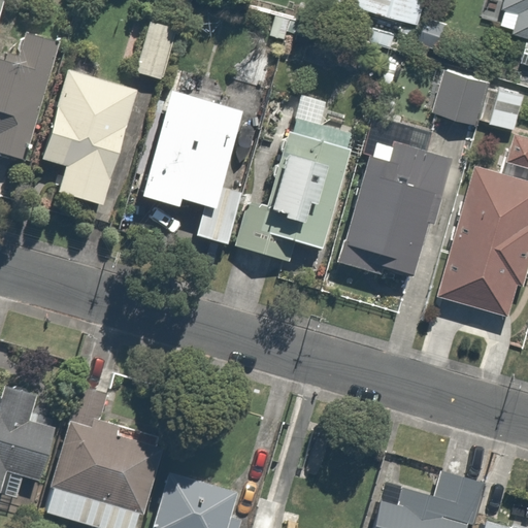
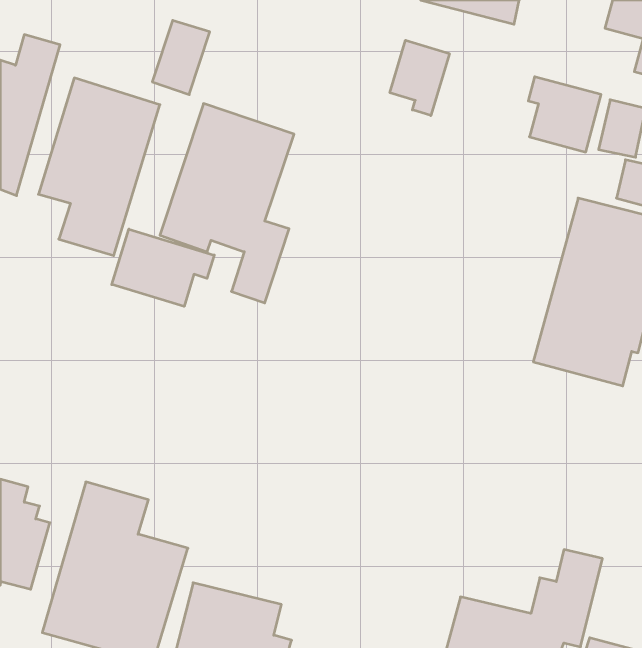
building: none -> [390,40,449,116]
building: [237,91,354,262] -> none
building: [335,114,450,284] -> none
building: none -> [112,229,214,306]

